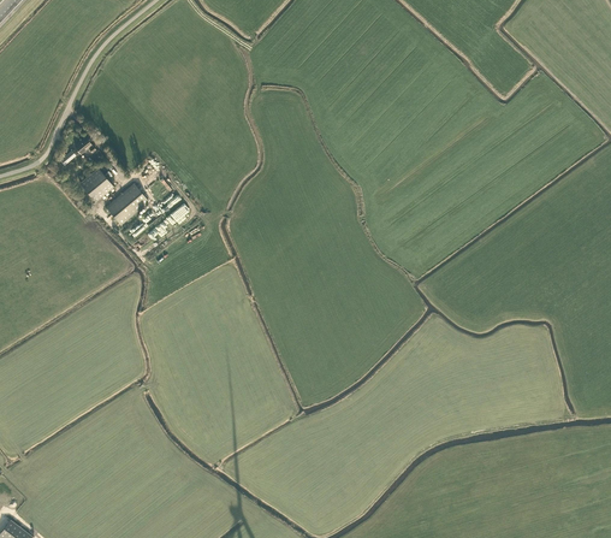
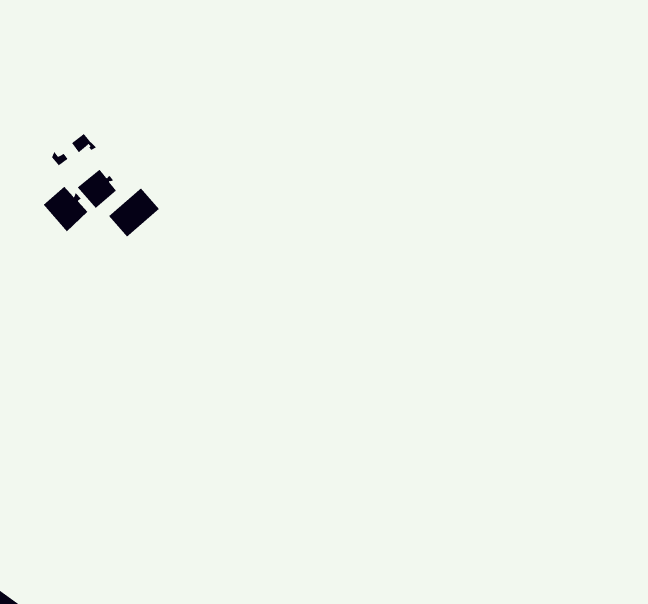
building: none -> [43,186,88,232]

